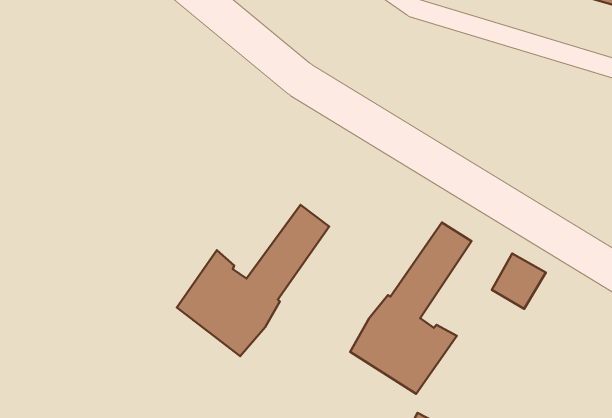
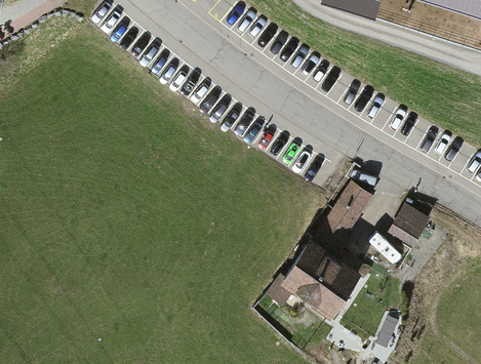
building: [177,205,329,356] -> none

